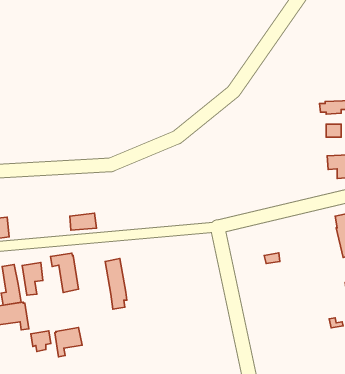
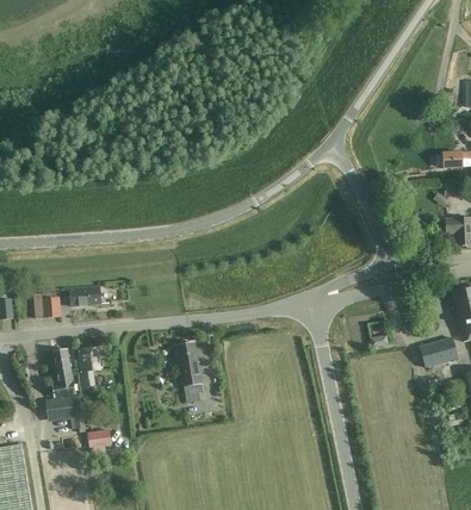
building: [70,213,96,230] -> [69,286,101,306]
building: [51,253,79,293] -> none
building: none -> [420,337,459,367]
building: [55,328,82,357] -> none

